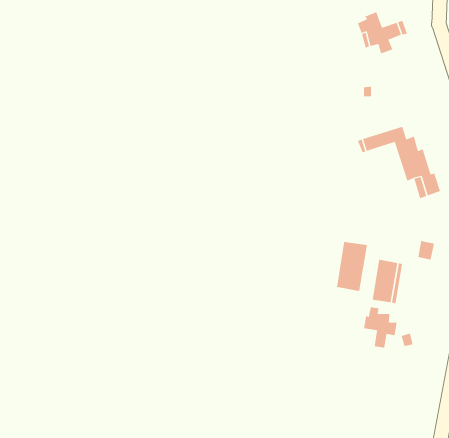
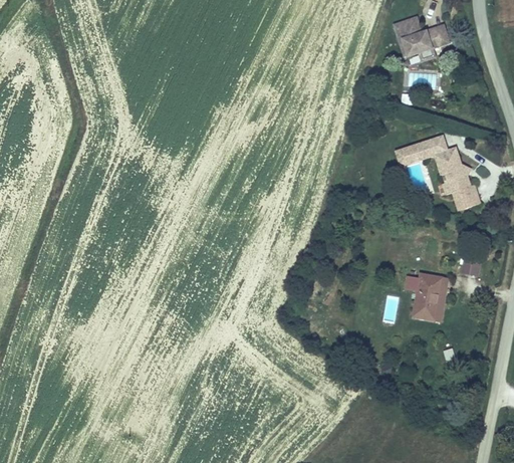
building: [336,241,367,292] -> none
building: [364,307,397,348] -> none

